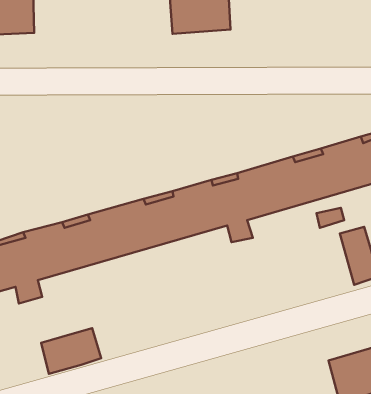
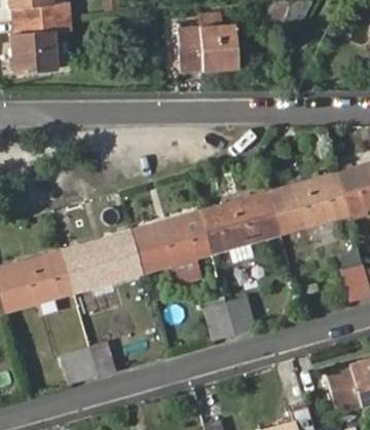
building: none -> [203,298,255,342]

